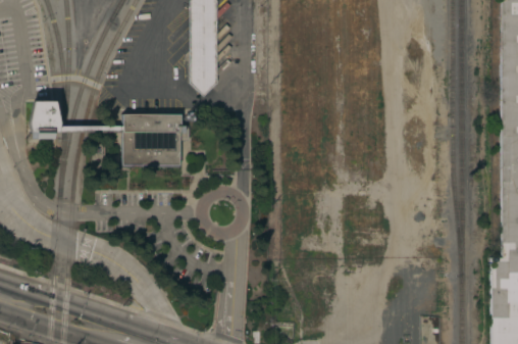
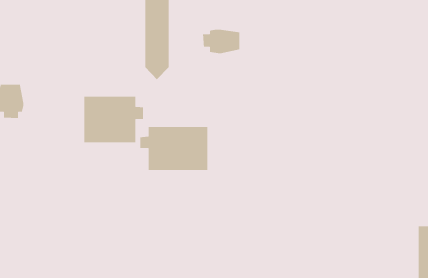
building: none -> [202,29,240,54]
building: none -> [139,126,208,171]

